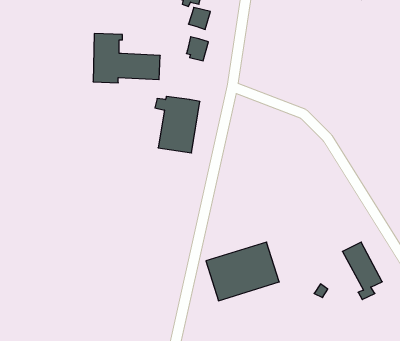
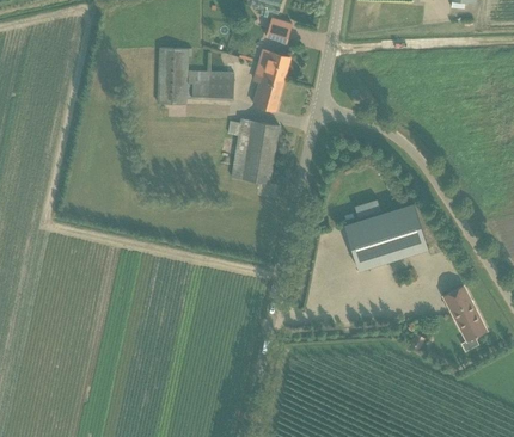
building: none -> [252,62,282,110]
building: [206,242,279,301] -> [343,202,427,269]

